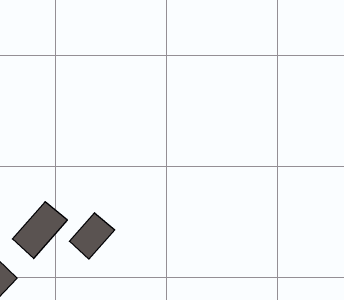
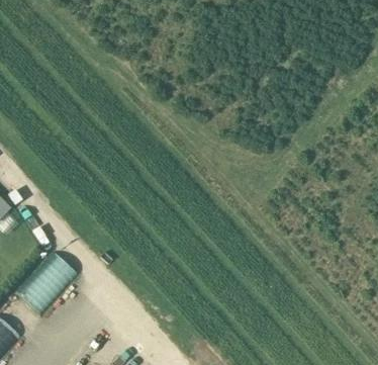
building: [69,213,115,259] -> none

